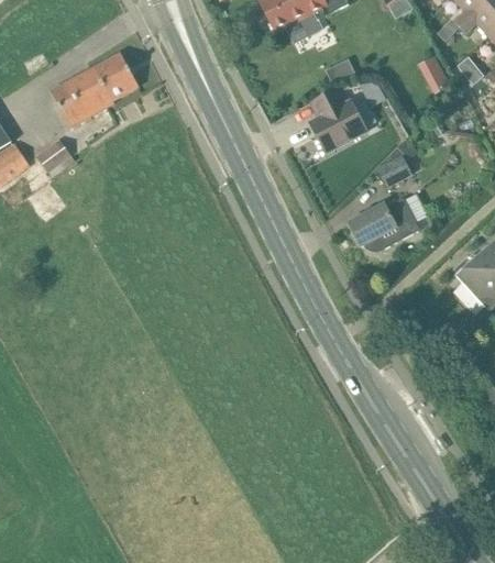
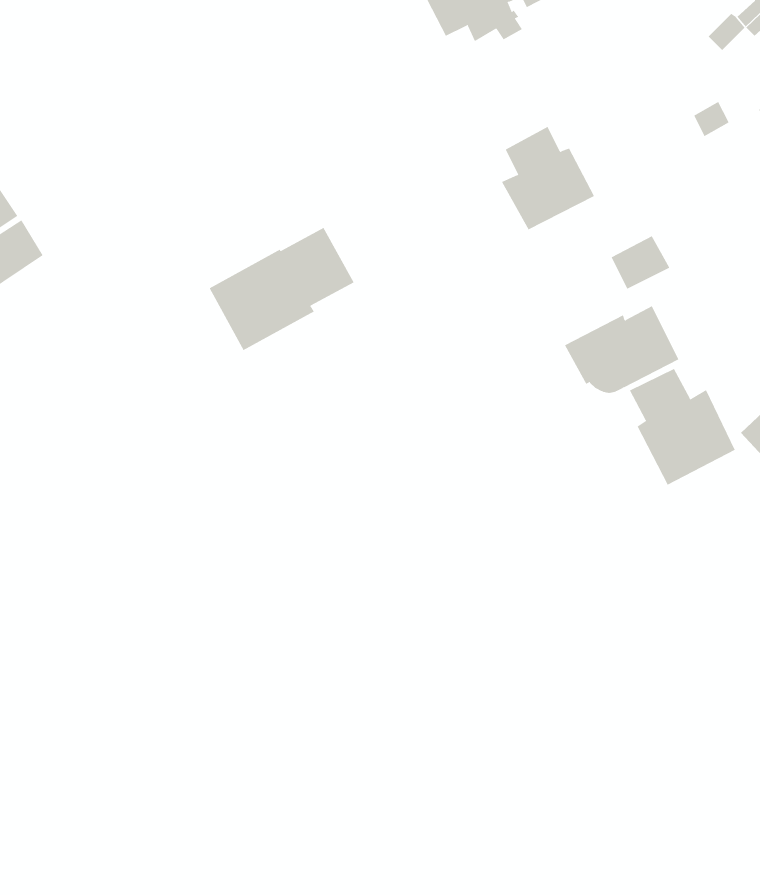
building: [50,52,139,128] -> [209,227,354,351]
building: [35,139,75,176] -> none
building: none -> [629,368,736,486]

